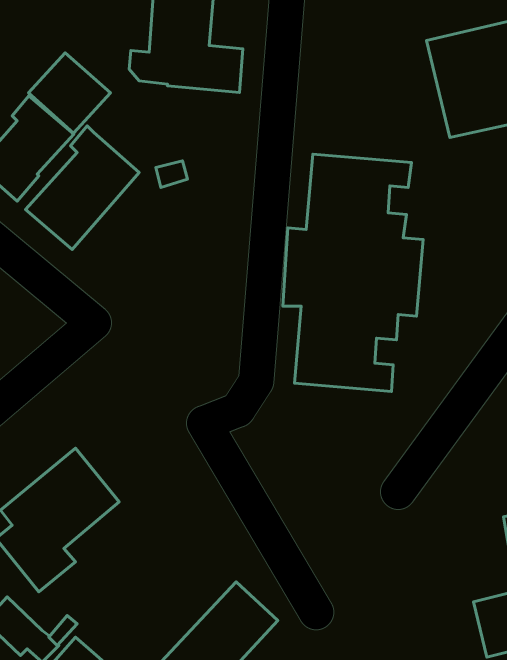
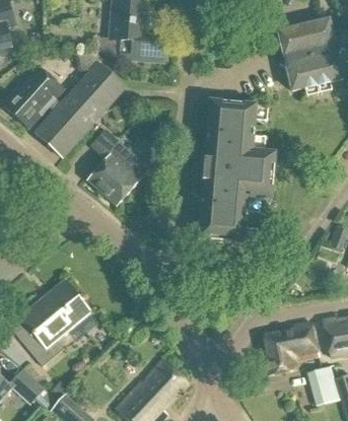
building: [28,53,110,133] -> [76,62,126,111]
building: none -> [87,129,149,205]
building: none -> [263,322,318,373]

